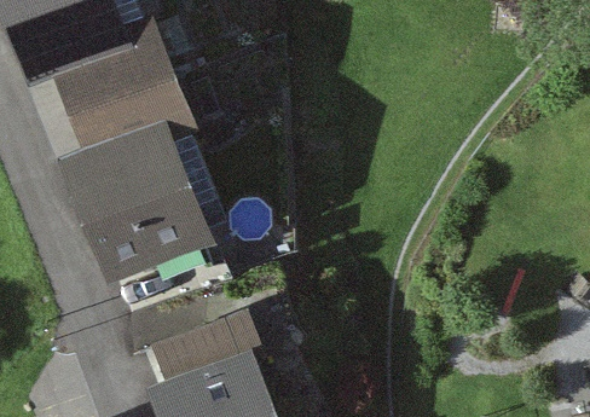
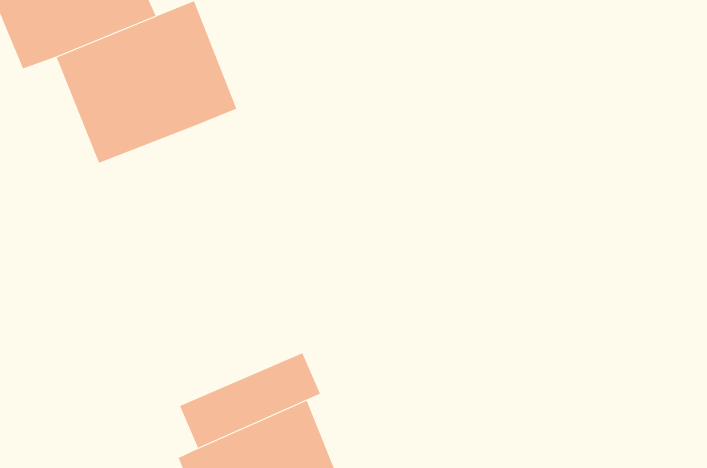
building: [57,127,214,288] -> none

